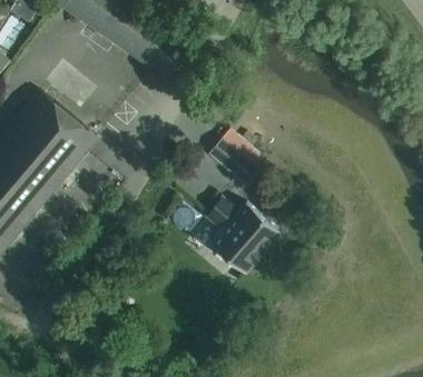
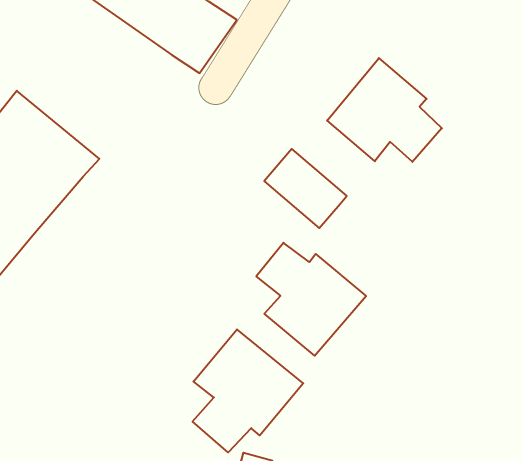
building: none -> [327,58,442,162]
building: none -> [193,329,303,452]

